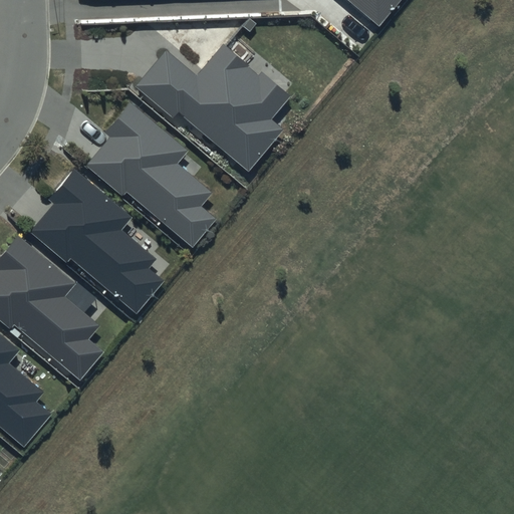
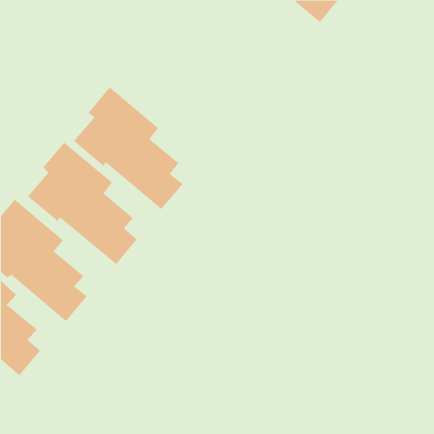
building: [136,45,291,171] -> none

